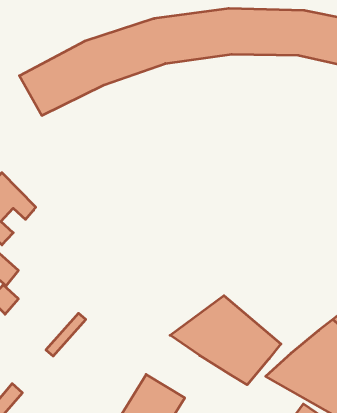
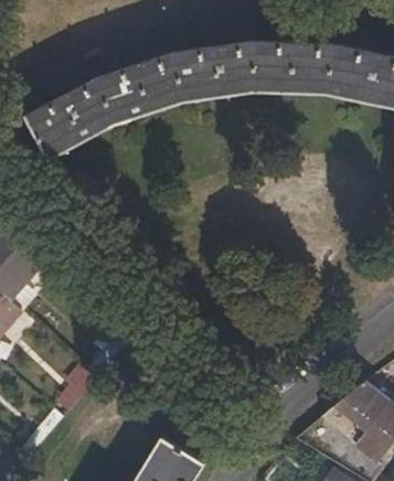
building: [170,296,281,385] -> none

